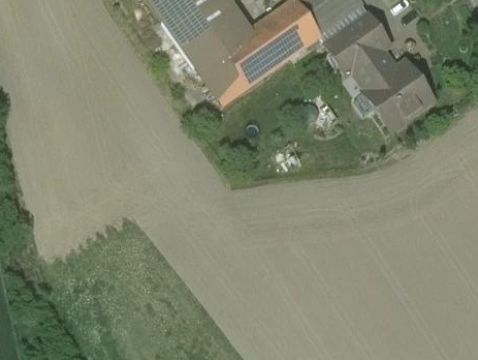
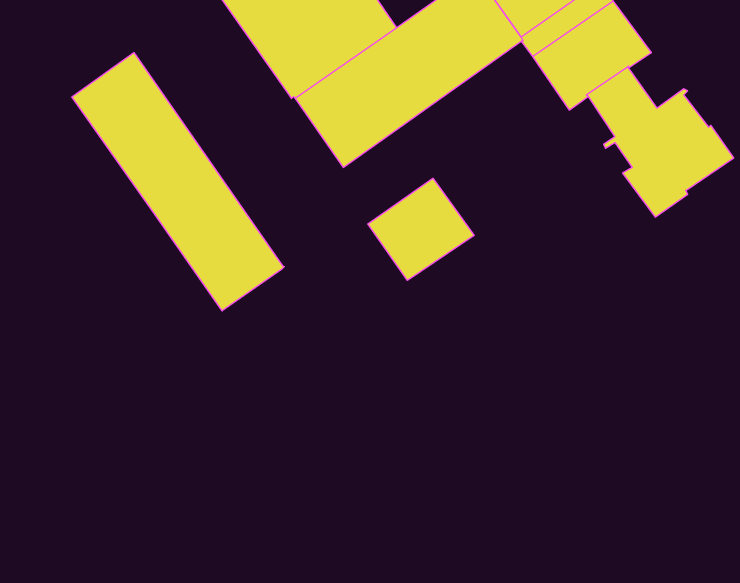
building: none -> [72,53,284,311]
building: none -> [368,178,474,280]

